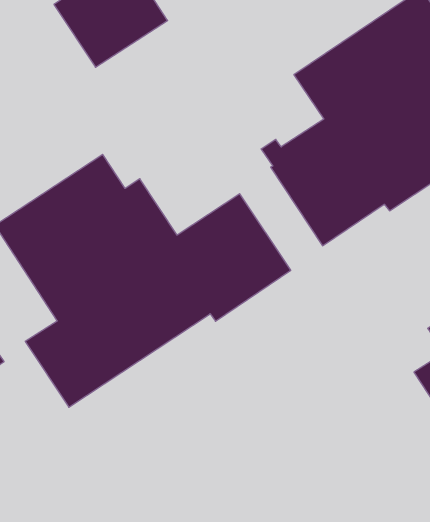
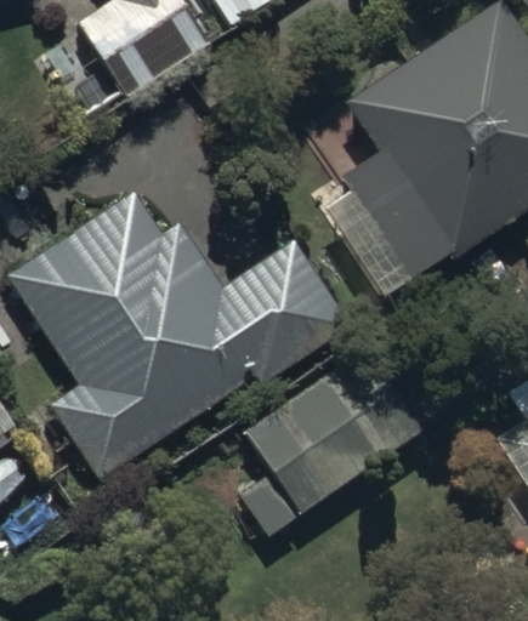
building: none -> [211,343,424,536]

